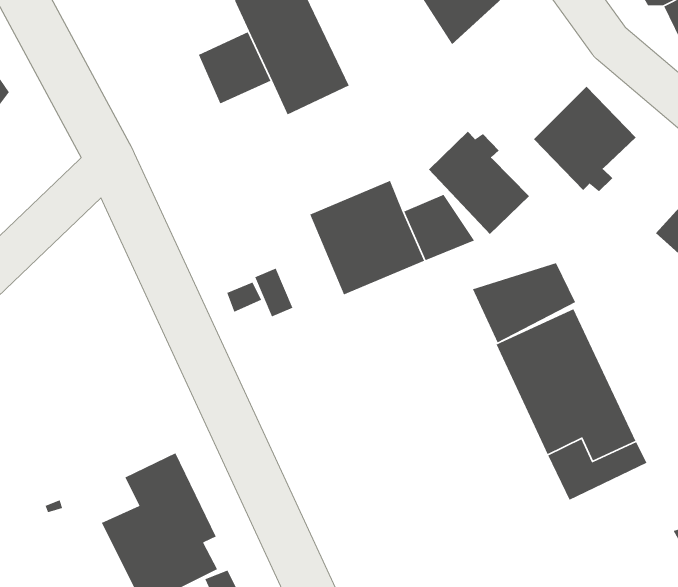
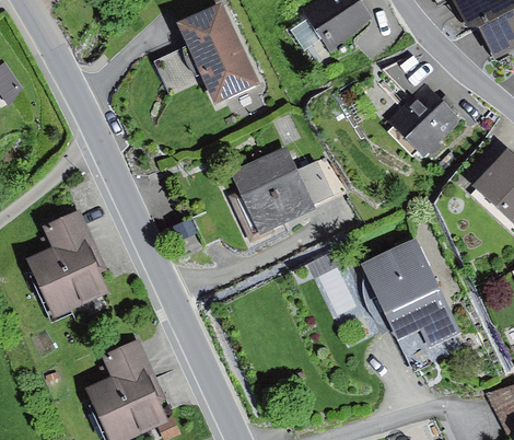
building: [428,131,530,235] -> none
building: [472,262,576,343] -> none
building: none -> [25,209,107,319]

